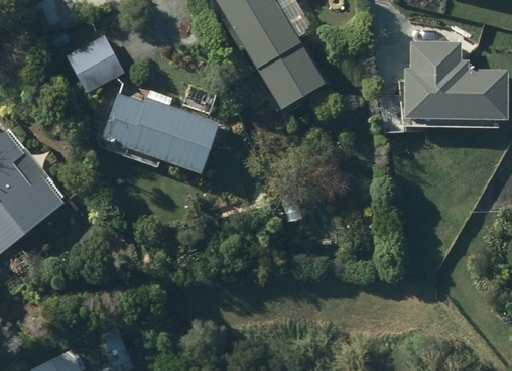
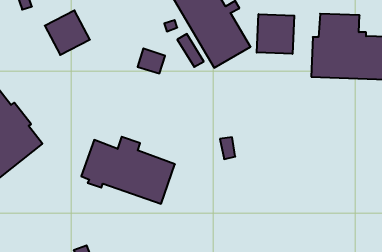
building: none -> [257,14,294,54]
building: [100,89,217,172] -> [81,137,175,204]

